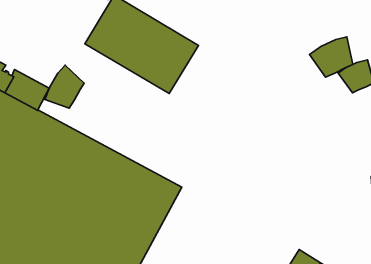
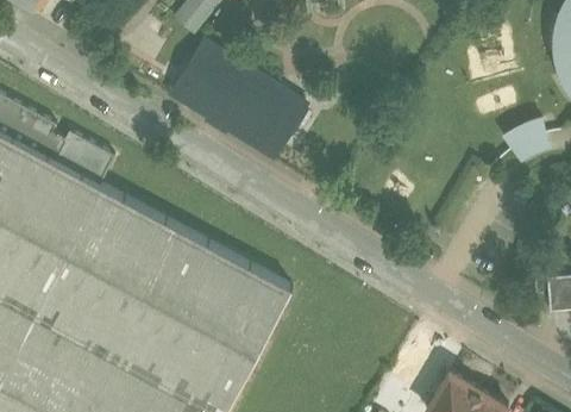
building: [309,37,353,77] -> none
building: [45,65,84,108] -> none

